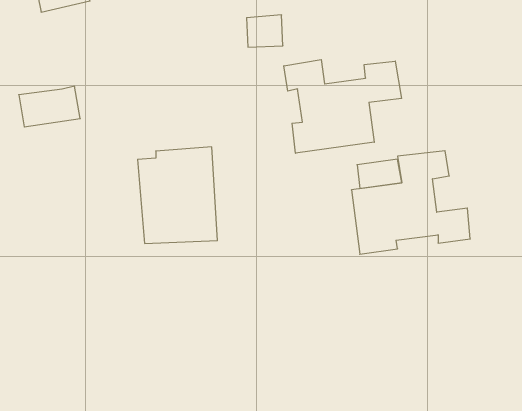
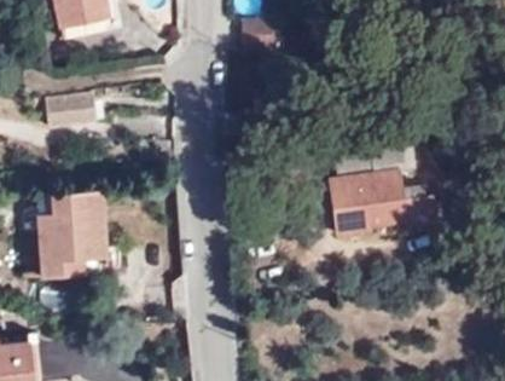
building: [284,60,402,153] -> none
building: [138,147,217,243] -> [34,194,103,277]

